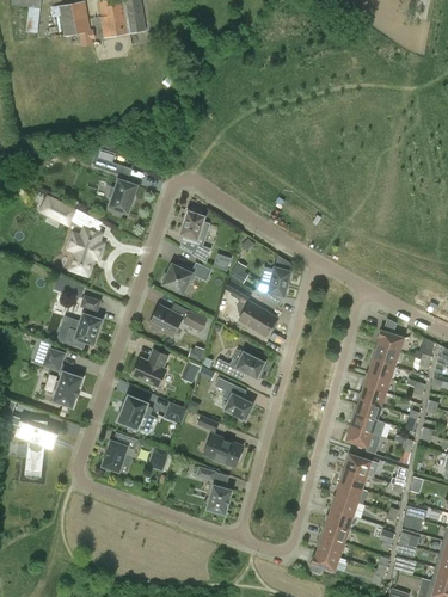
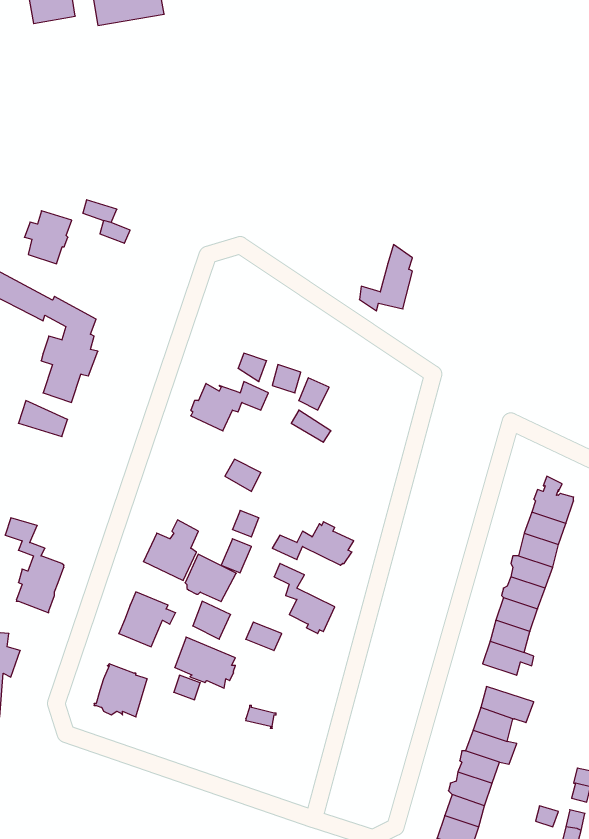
building: [108,180,137,214] -> [24,211,72,264]
building: [180,210,210,240] -> none
building: [257,256,290,297] -> [359,245,412,311]
building: [60,296,102,349] -> none
building: [239,302,277,336] -> none
building: [151,306,183,336] -> [185,554,236,602]
building: [204,435,243,467] -> [175,637,235,688]
building: [207,481,232,515] -> none

